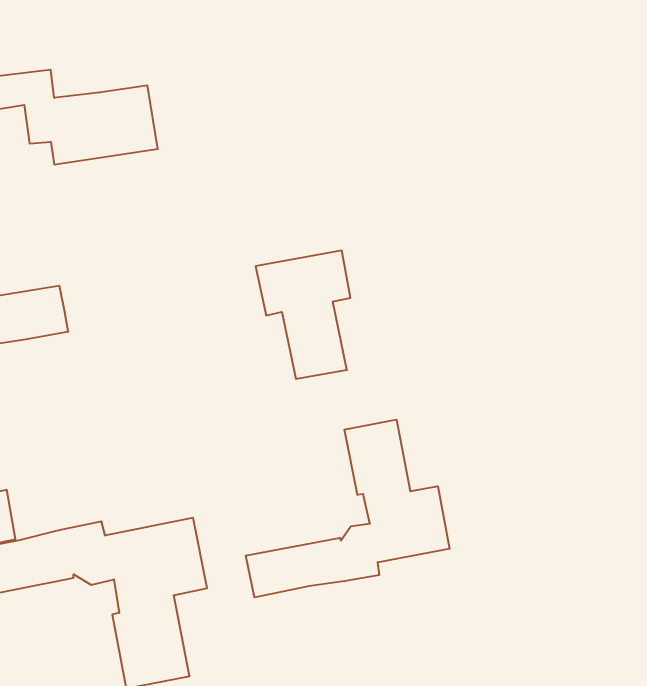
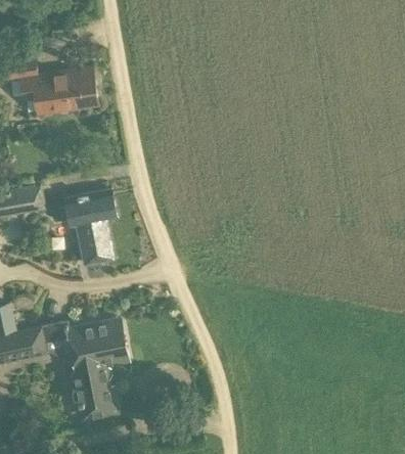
building: [256,250,350,379] -> [60,190,116,265]
building: [246,420,450,597] -> none

